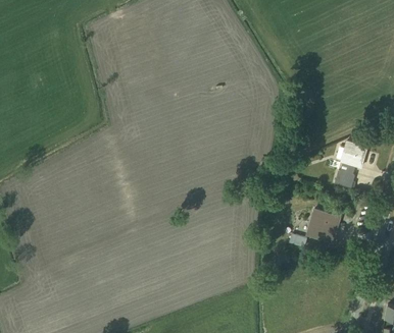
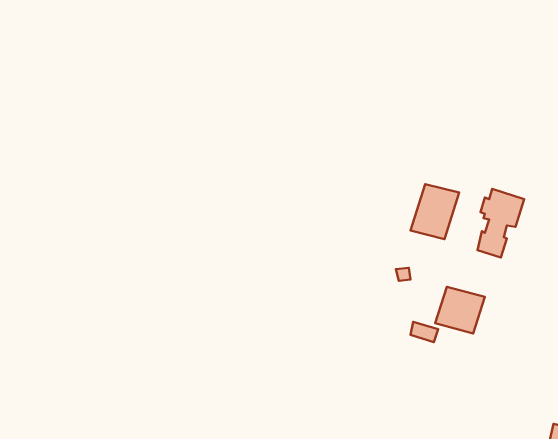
building: none -> [410,184,459,239]

